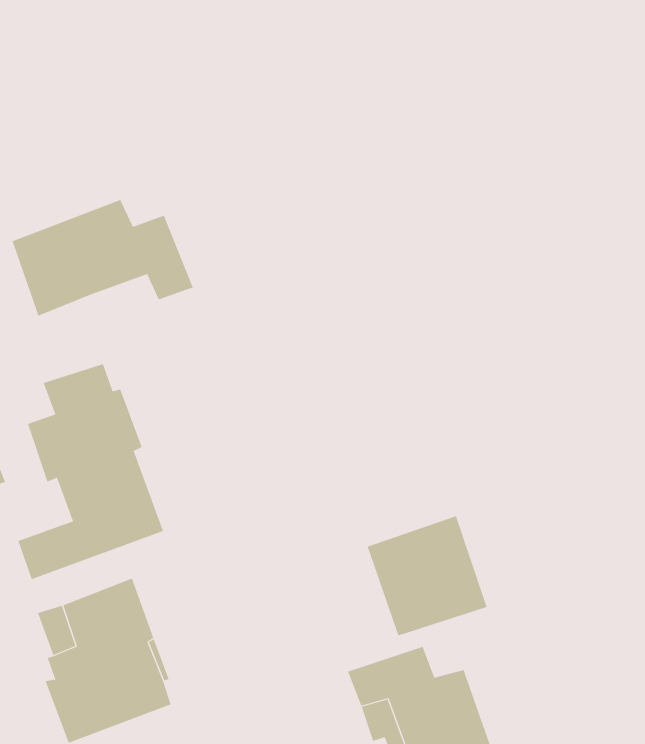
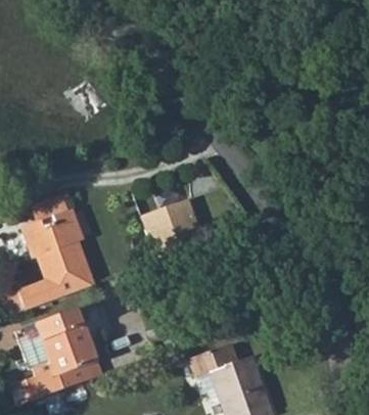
building: [12,199,194,316] -> none
building: [367,515,488,636] -> [141,196,204,260]

